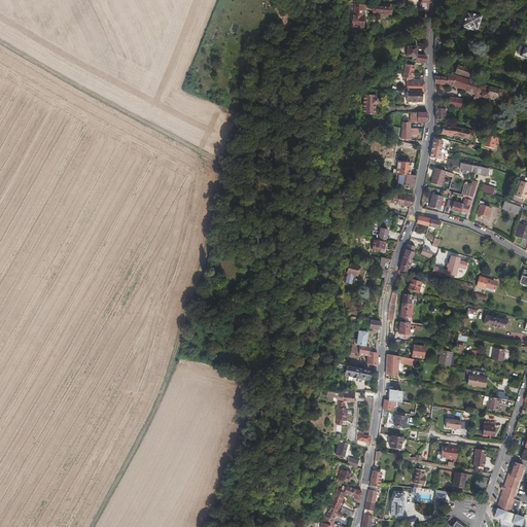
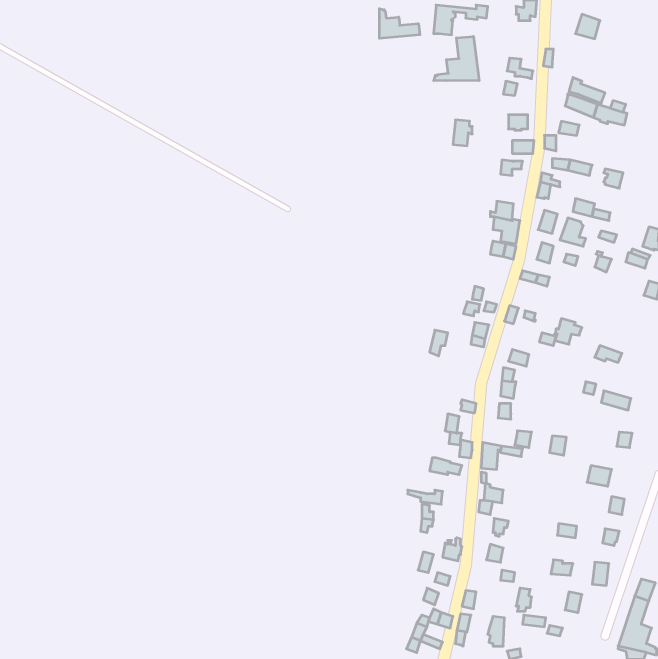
building: none -> [379,9,420,38]
building: none -> [434,36,479,81]

